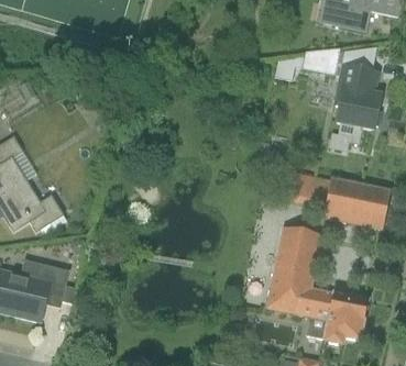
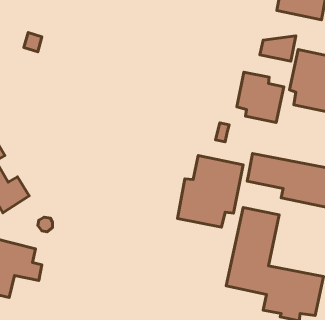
building: none -> [237,72,284,122]
building: none -> [178,155,243,227]

